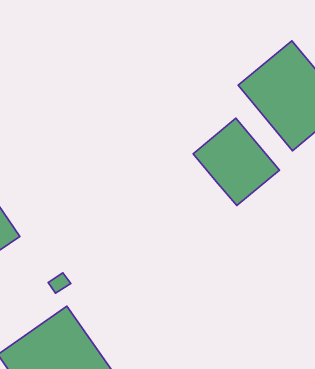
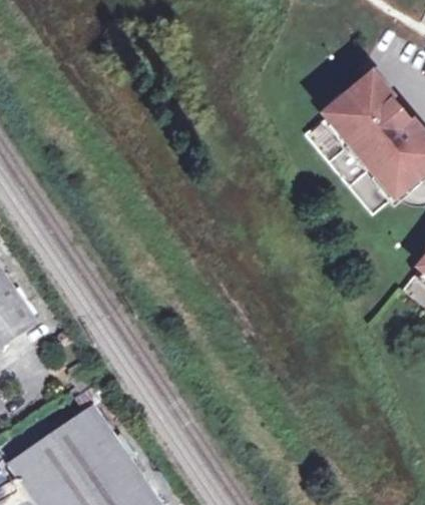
building: [193,118,280,206] -> none

